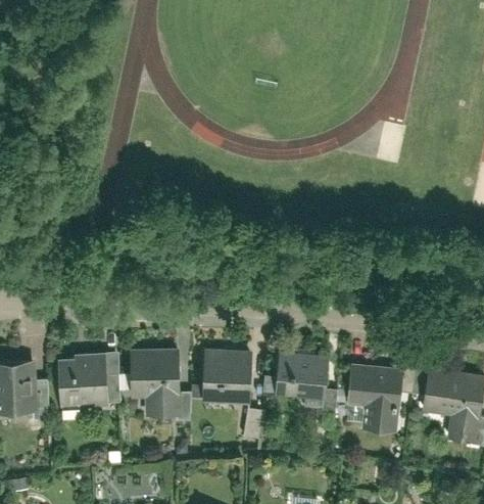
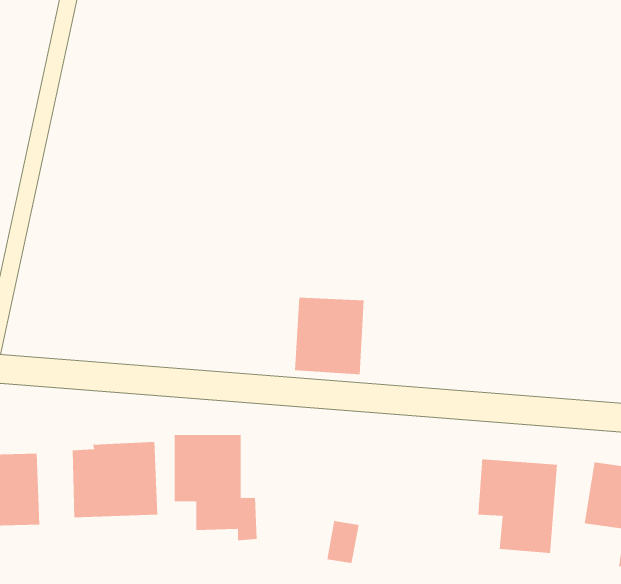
building: [202,350,252,405] -> [294,297,365,375]
building: [275,352,328,401] -> none

